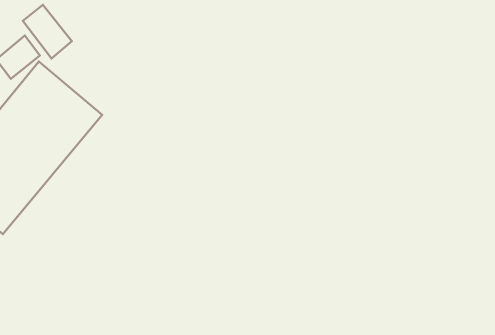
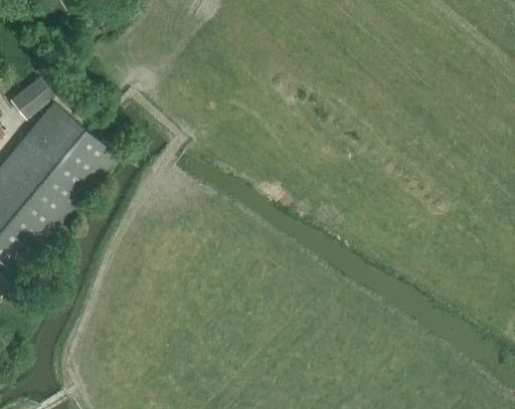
building: [23,5,72,58] -> none

